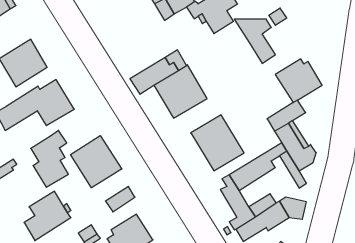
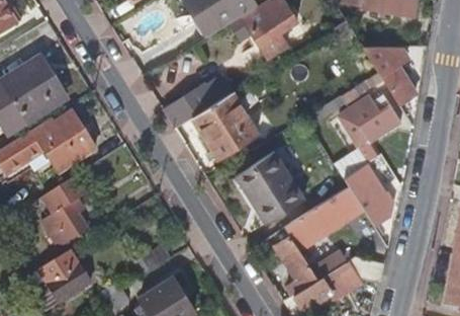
building: [234,19,275,63] -> [361,45,411,99]
building: [71,136,122,188] -> none

